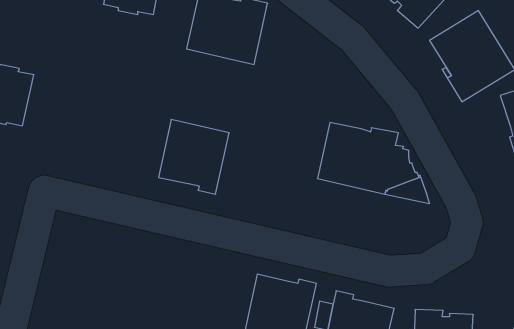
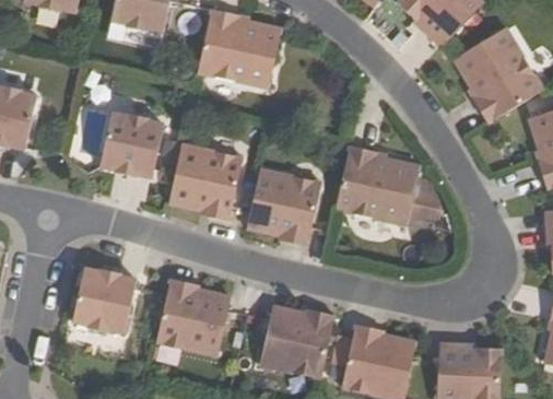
building: none -> [99,113,164,178]
building: none -> [247,168,321,247]
building: none -> [72,269,137,333]
building: none -> [156,279,231,357]

